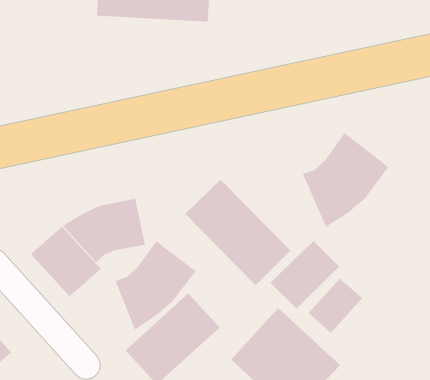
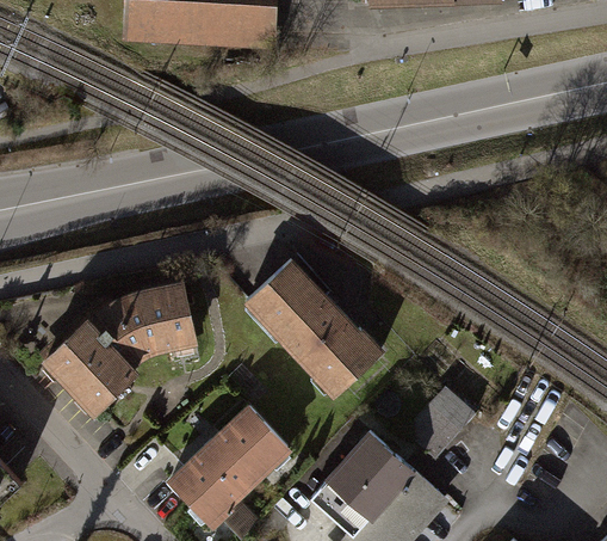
building: [302,132,389,228] -> none
building: [270,240,340,309] -> none
building: [115,240,197,330] -> none

